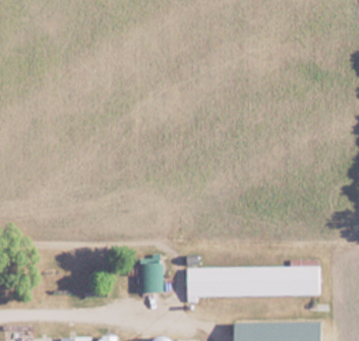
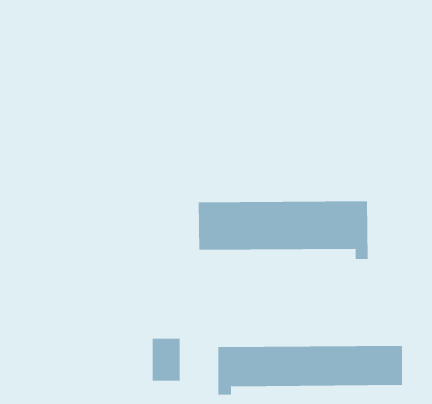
building: none -> [198,200,368,260]

